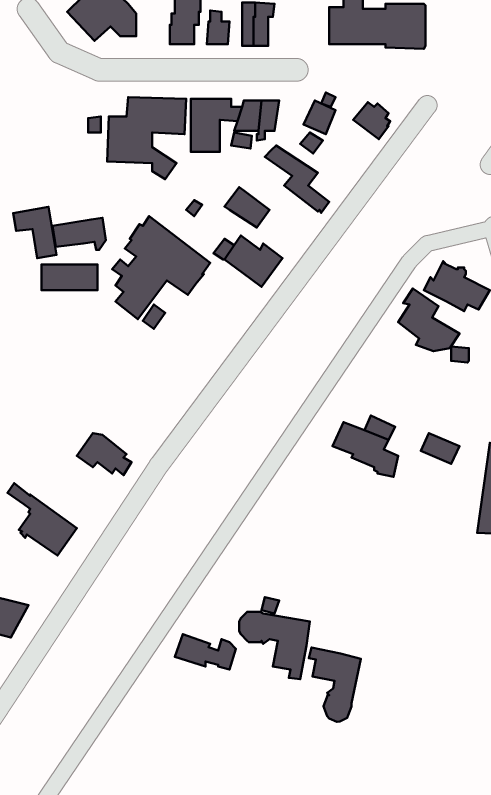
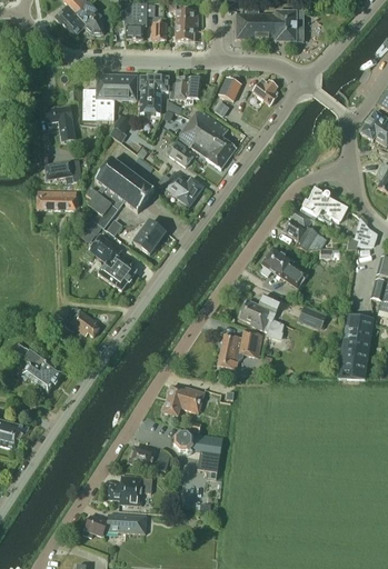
building: none -> [178,117,230,169]
building: [13,207,56,258] -> [44,106,74,141]
building: none -> [133,221,163,253]
building: none -> [89,233,136,291]
building: none -> [260,249,308,290]
building: none -> [218,330,261,369]
building: none -> [163,386,205,416]
building: [309,648,361,722] -> none
building: none -> [109,475,152,503]
building: none -> [83,513,147,537]

